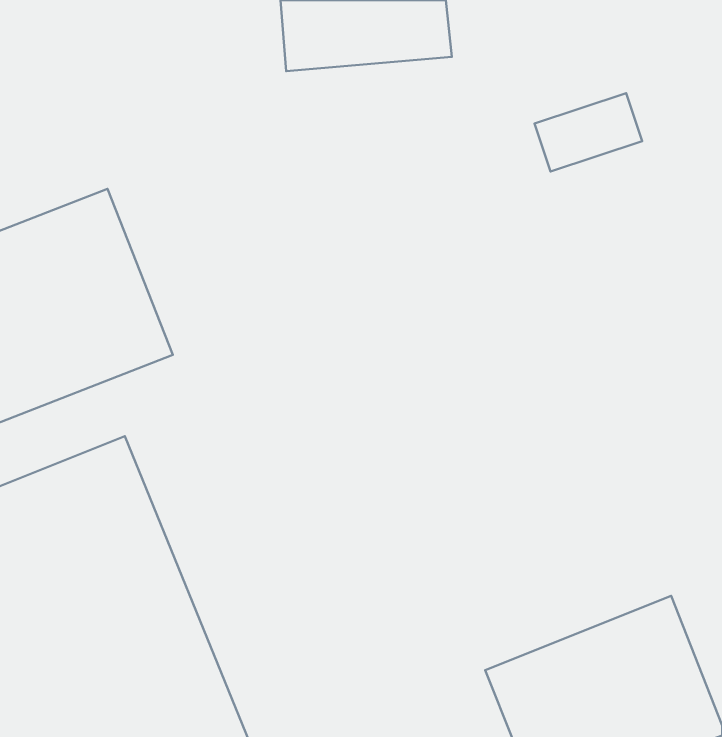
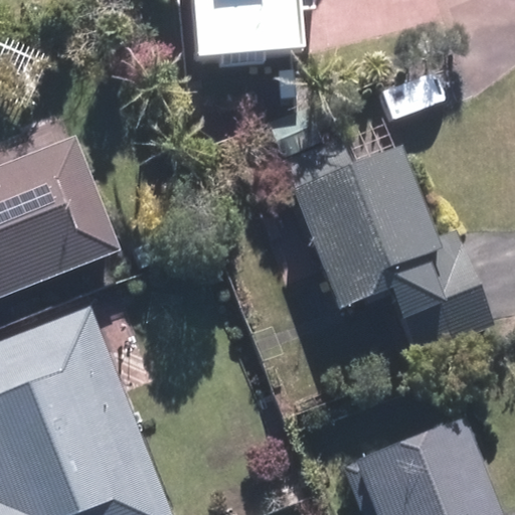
building: none -> [296,144,491,353]

